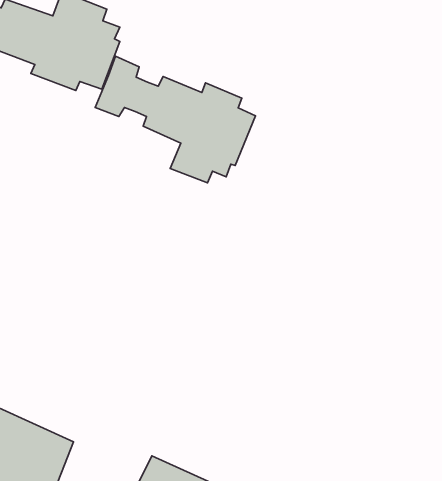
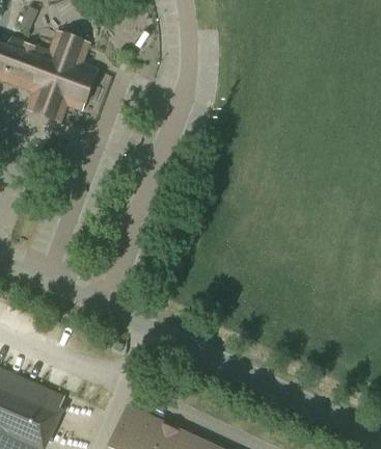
building: [95,56,256,183] -> none

